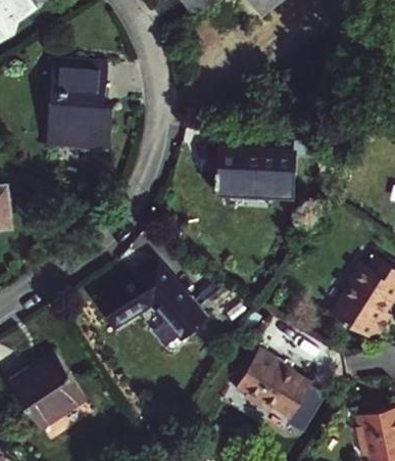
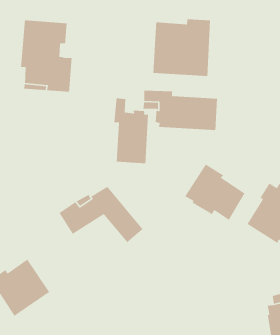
building: none -> [153,18,211,77]
building: none -> [114,97,149,164]
building: [235,348,311,419] -> [184,164,245,221]

